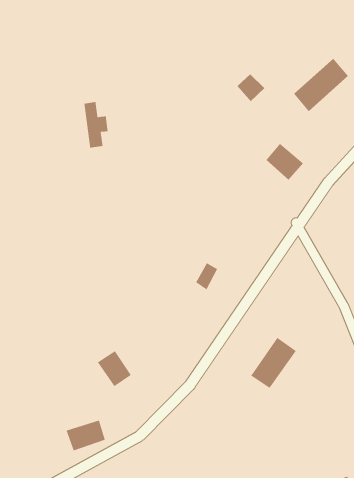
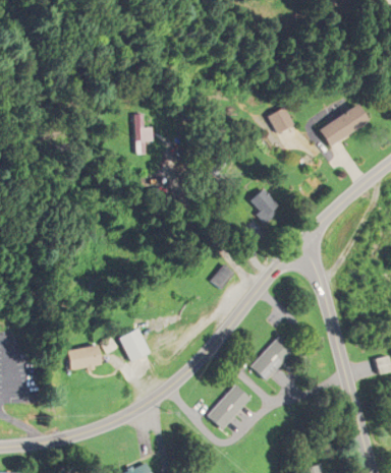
building: [265,143,304,181] -> [248,188,281,222]
building: none -> [207,386,250,428]
building: [65,420,106,452] -> [67,345,101,369]

